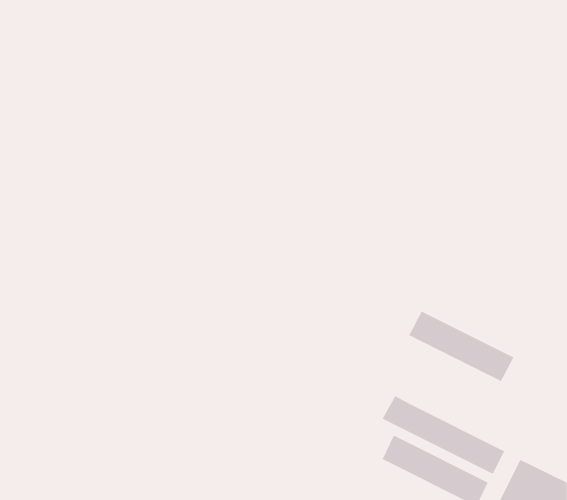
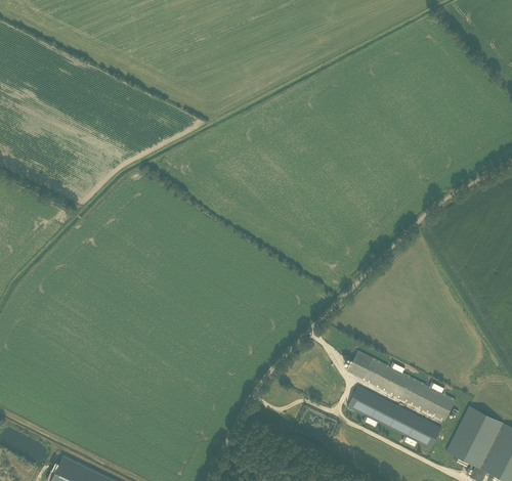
building: [409,311,514,382] -> none

